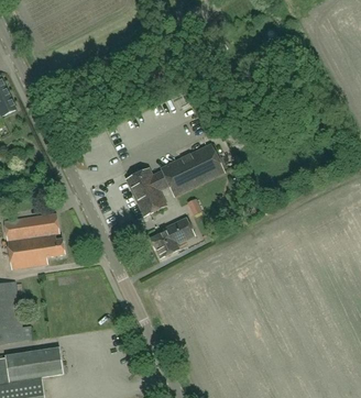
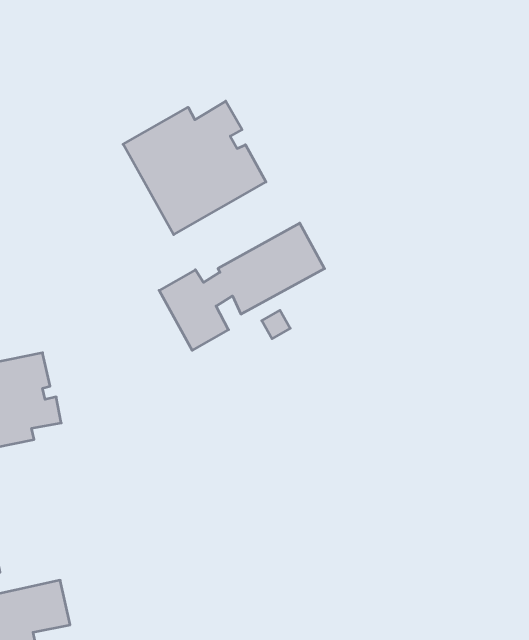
building: none -> [123,101,266,235]
building: [150,218,194,257] -> none

